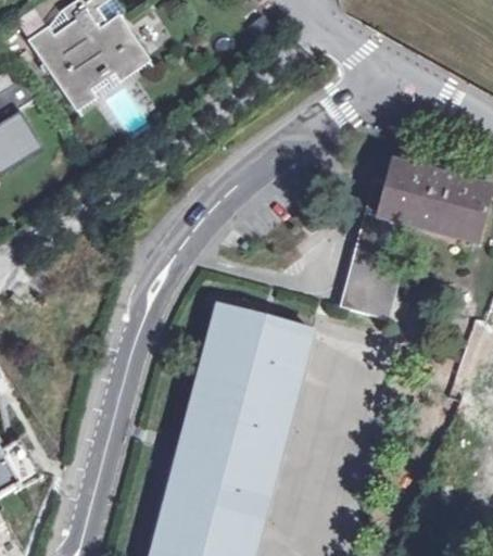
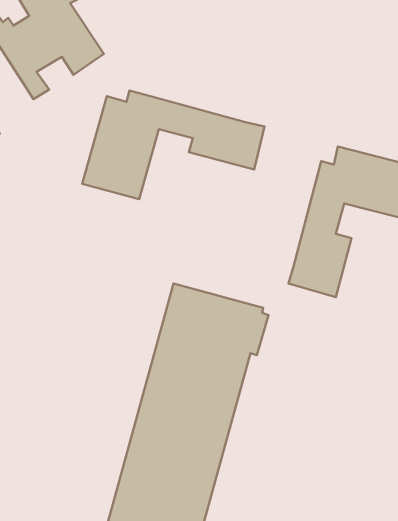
building: none -> [82,91,264,199]

